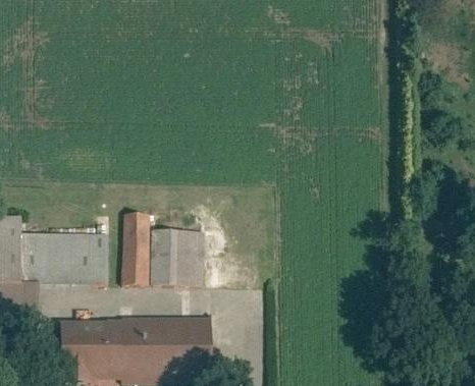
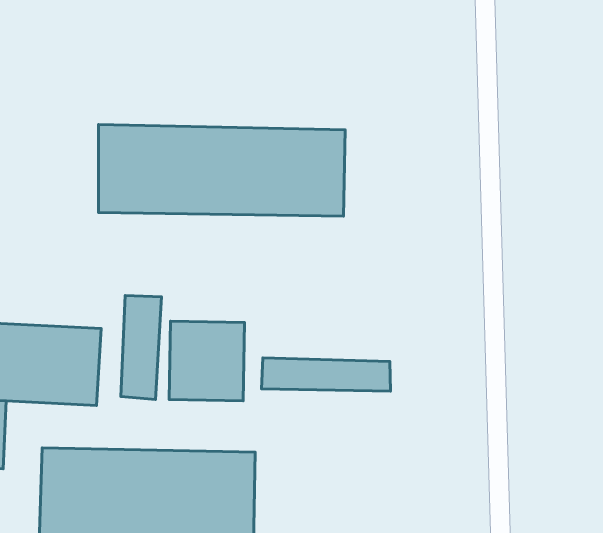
building: none -> [98,125,345,216]
building: none -> [262,358,390,391]

